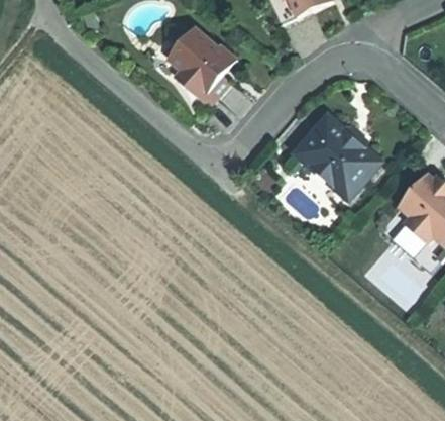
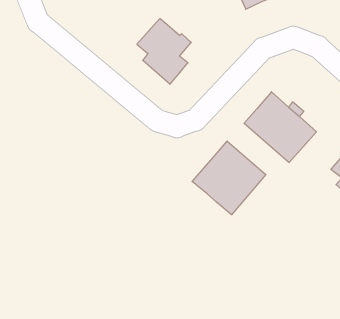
building: none -> [192,141,266,215]

